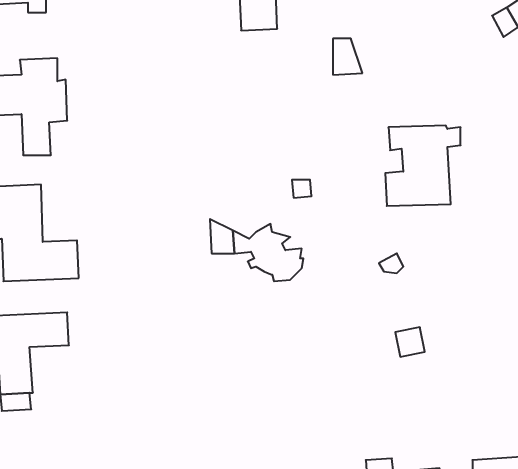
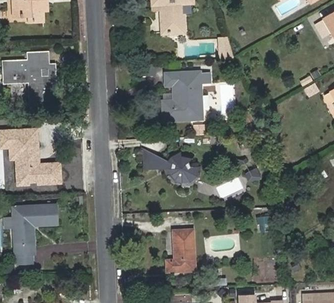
building: [385,126,461,206] -> [163,71,209,120]
building: none -> [166,230,195,272]

